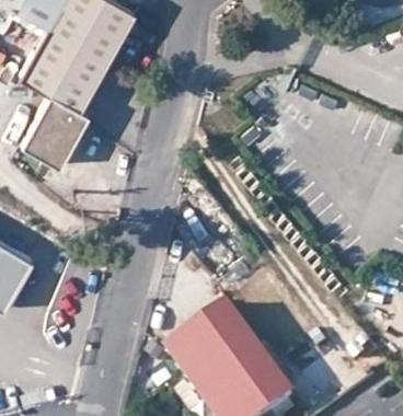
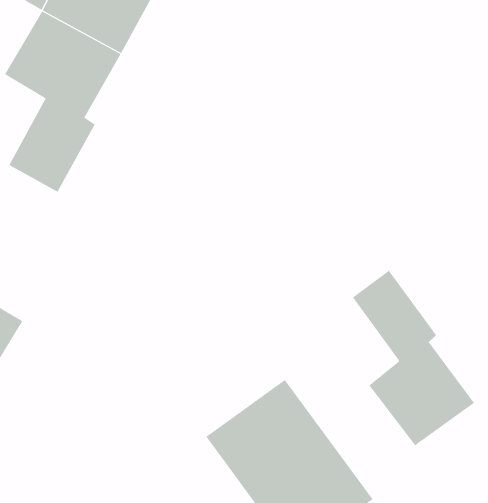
building: none -> [352,270,475,446]

